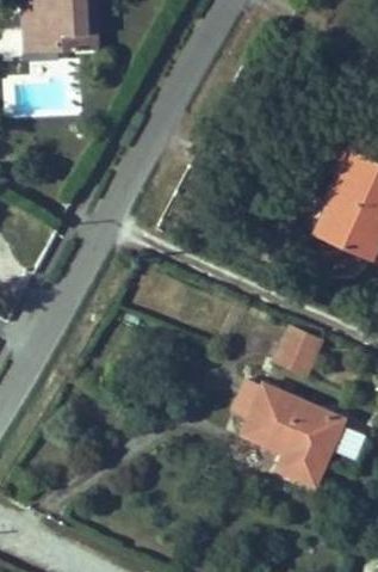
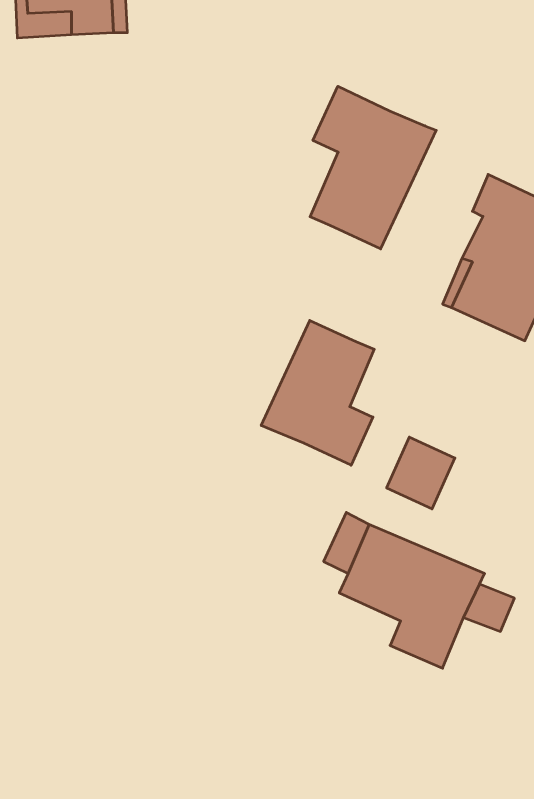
building: none -> [310,86,436,249]
building: none -> [261,320,374,465]

